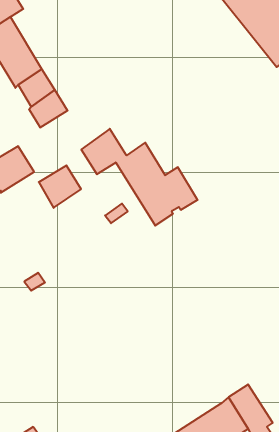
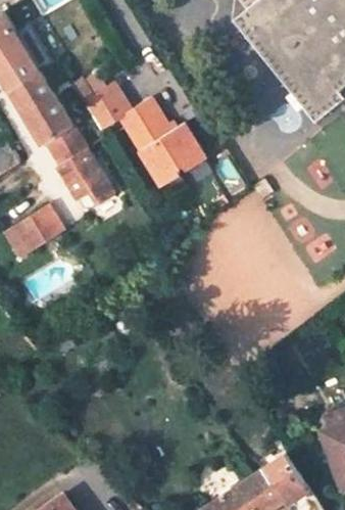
building: [81,129,198,226] -> [84,83,204,183]
building: [39,165,81,208] -> [69,169,113,213]

